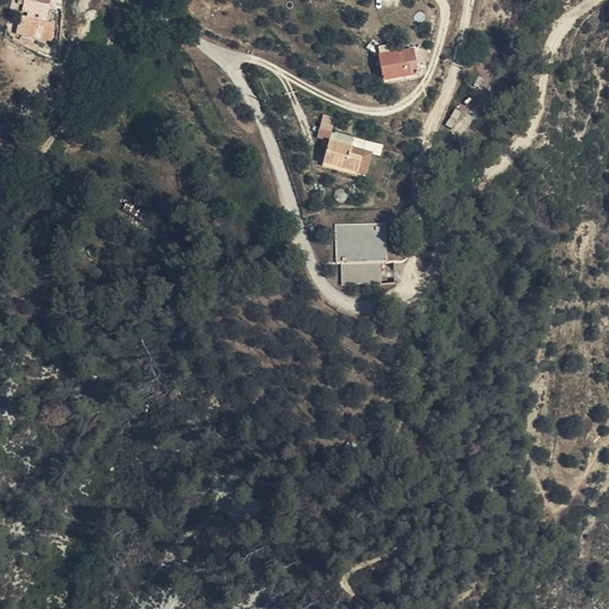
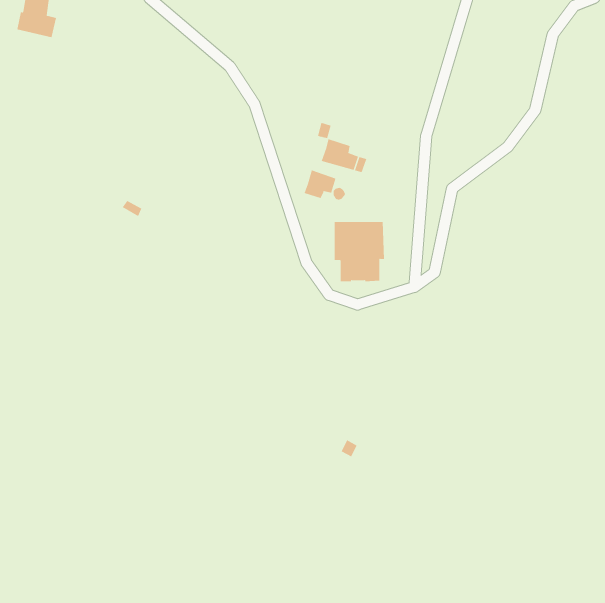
building: [379,48,423,79] -> none
building: none -> [304,169,336,199]

